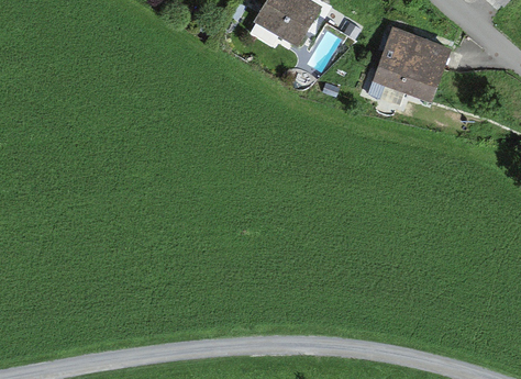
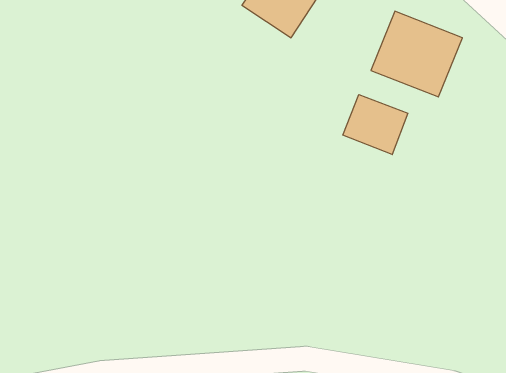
building: none -> [343,95,408,155]

